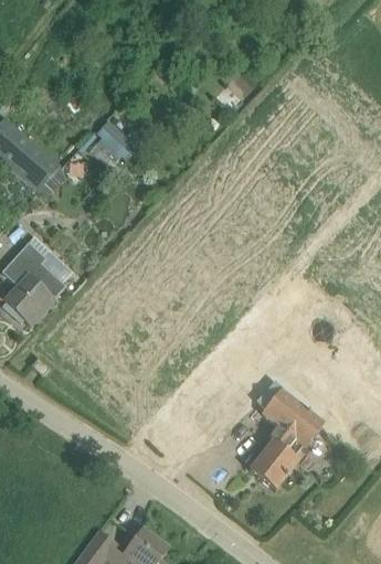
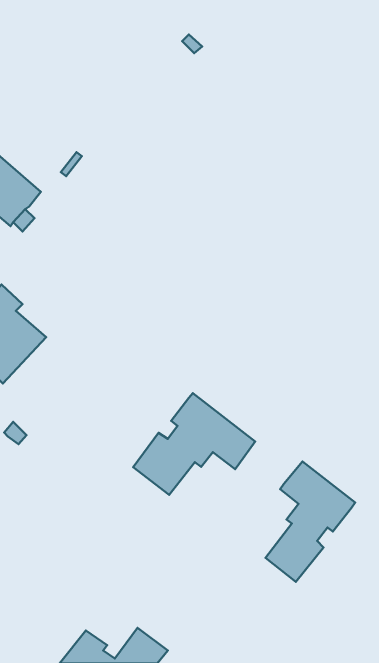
building: [96,118,138,160] -> none
building: none -> [133,393,255,495]

